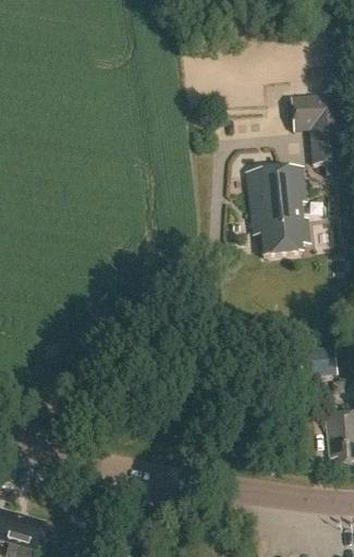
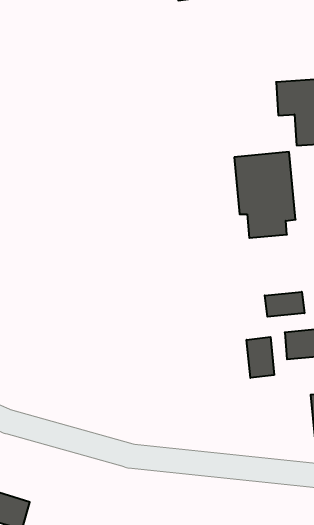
building: none -> [265,292,304,317]
building: none -> [247,337,274,378]

